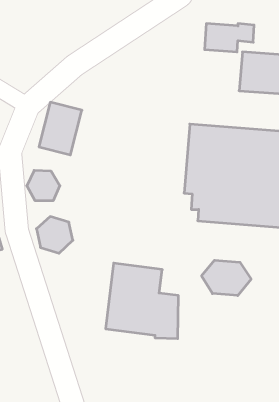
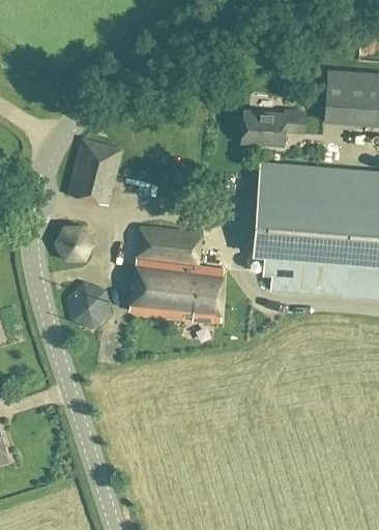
building: [205,24,254,52] -> [241,110,304,146]
building: [202,260,251,296] -> none
building: [106,263,178,339] -> [128,226,222,322]

